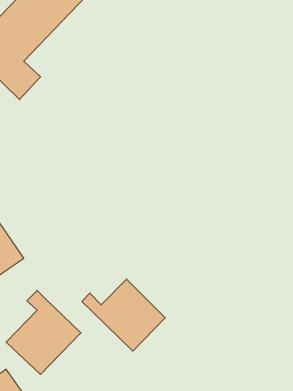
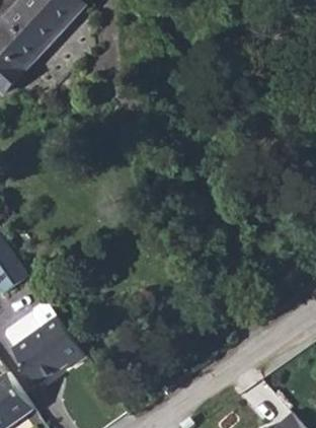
building: [82,279,165,351] -> none

